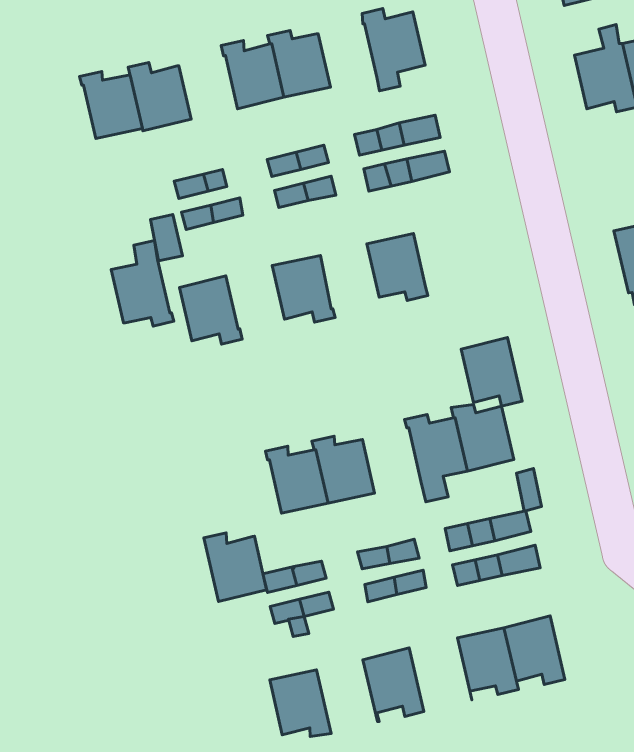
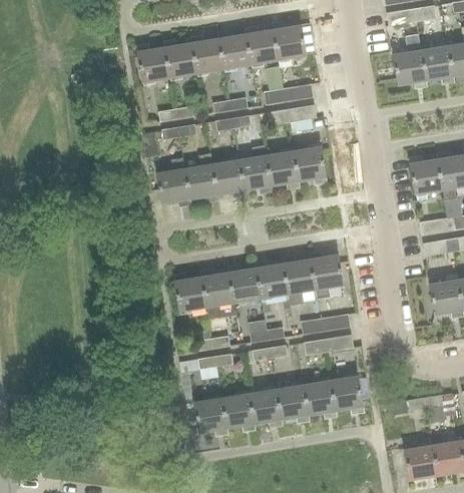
building: none -> [246,26,279,70]
building: [80,72,142,138] -> [163,39,197,77]
building: [111,240,174,326] -> [184,153,218,202]
building: none -> [240,155,273,194]
building: [461,338,522,406] -> [294,146,327,185]
building: none -> [255,260,289,299]
building: [204,533,267,602] -> [173,273,207,312]
building: none -> [276,385,310,426]
building: none -> [221,394,255,435]

